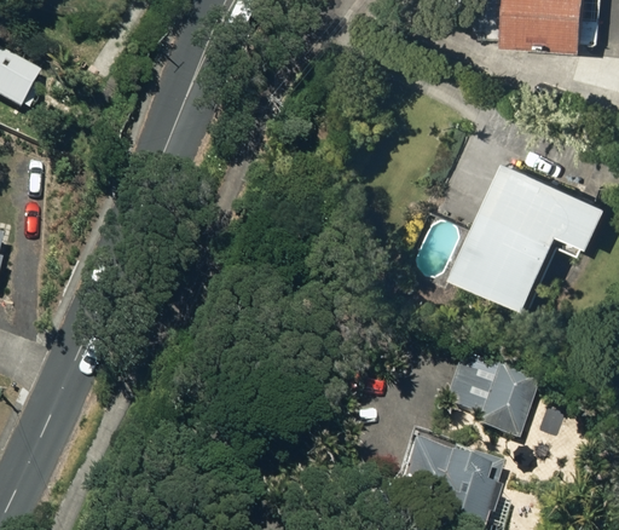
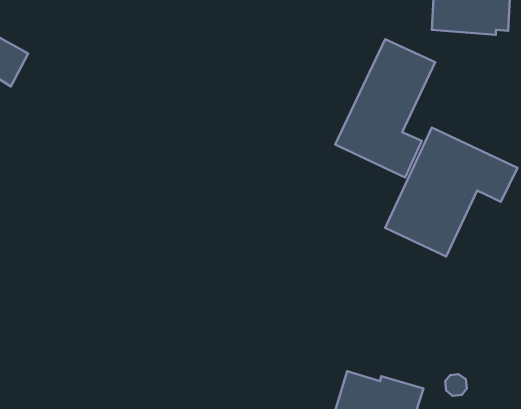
building: none -> [335,39,435,177]
building: [440,351,536,439] -> none

